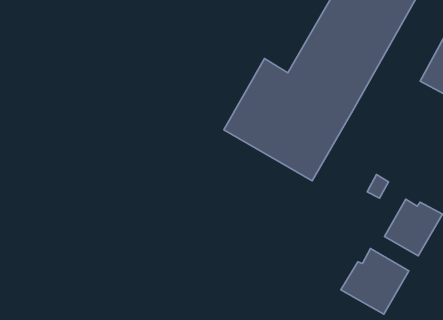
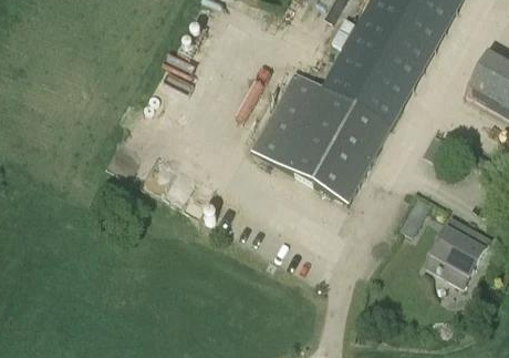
building: [341,249,409,314] -> none

